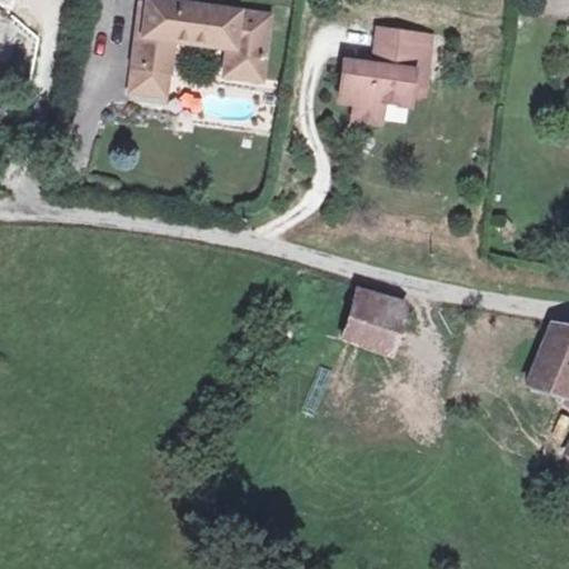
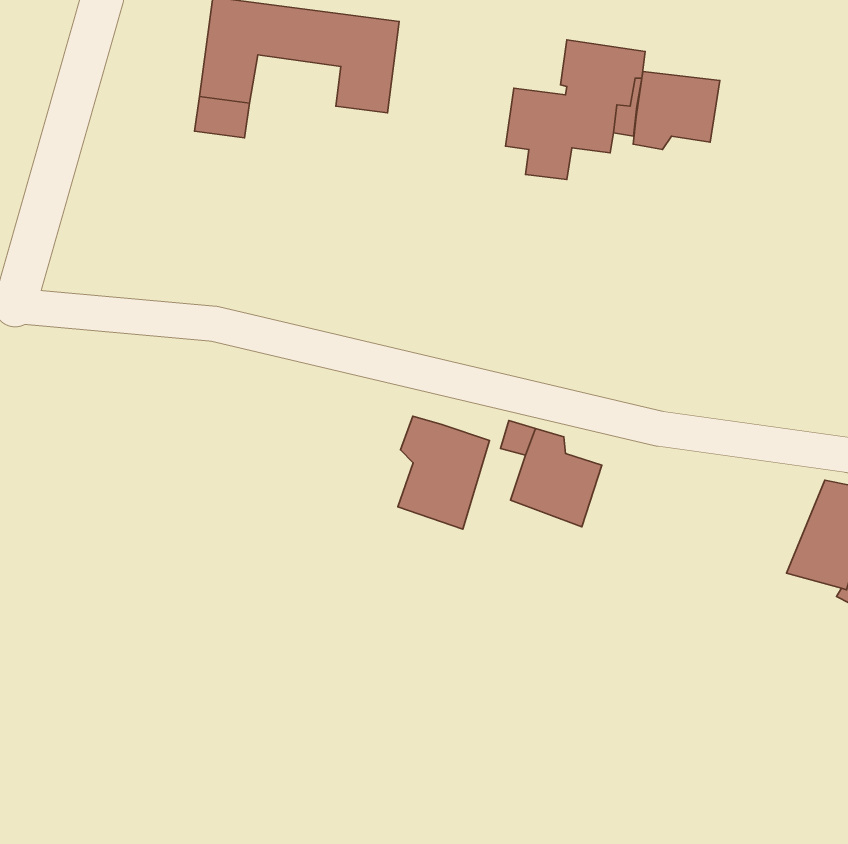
building: none -> [633,72,720,150]
building: none -> [398,416,489,529]

